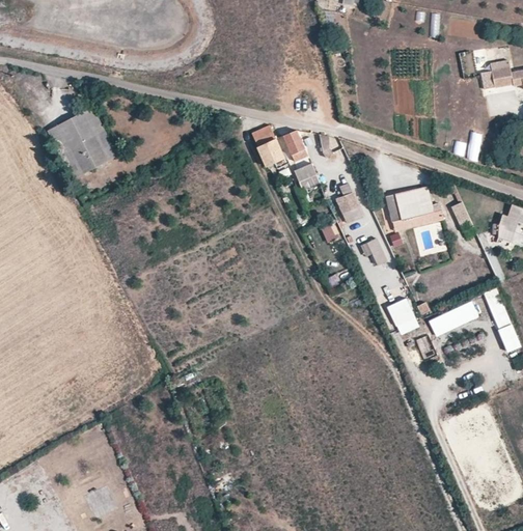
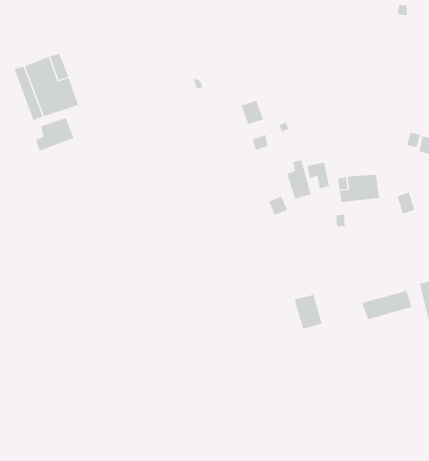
building: [249,124,283,166] -> none
building: none -> [35,117,74,152]
building: [360,239,386,267] -> [307,162,330,189]
building: [387,298,419,335] -> [294,294,323,330]

